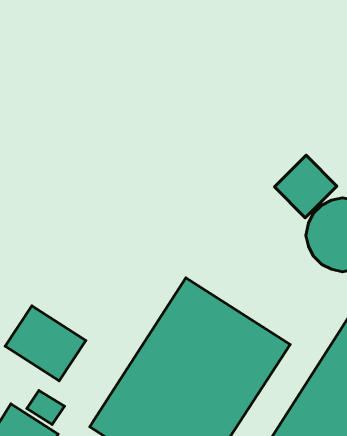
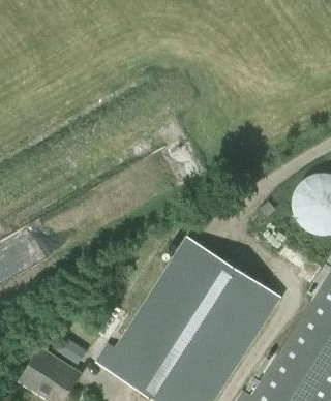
building: [274,155,337,218] -> none
building: [5,306,86,381] -> none

